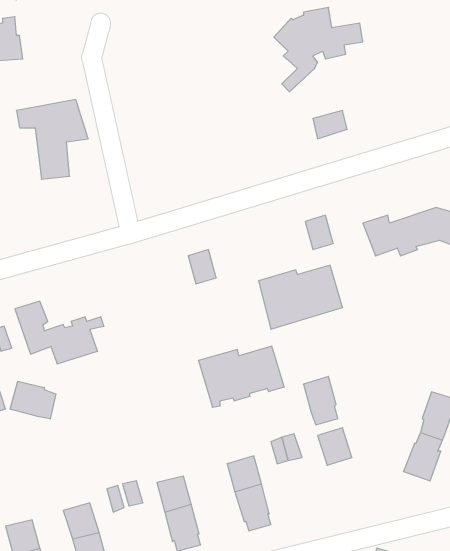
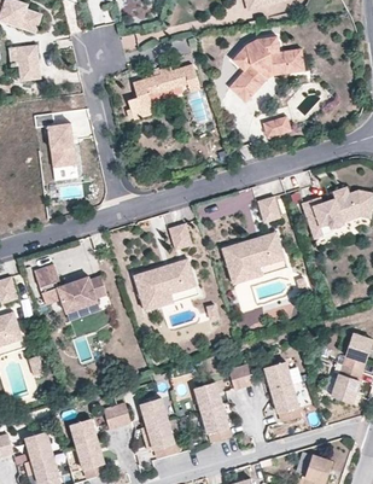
building: none -> [134,64,199,107]
building: [198,346,284,407] -> [130,263,197,310]
building: [303,376,338,425] -> [274,384,301,421]
building: [10,381,56,419] -> none

